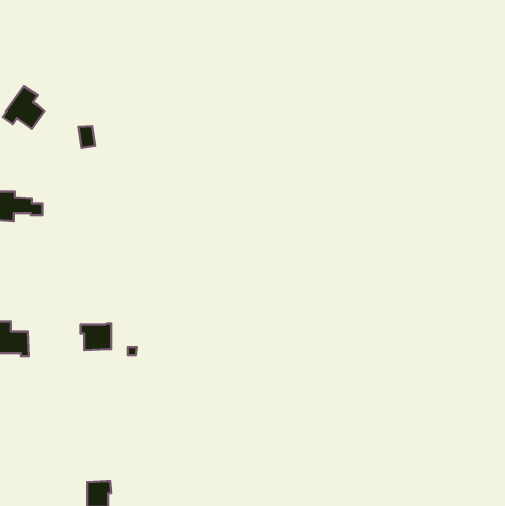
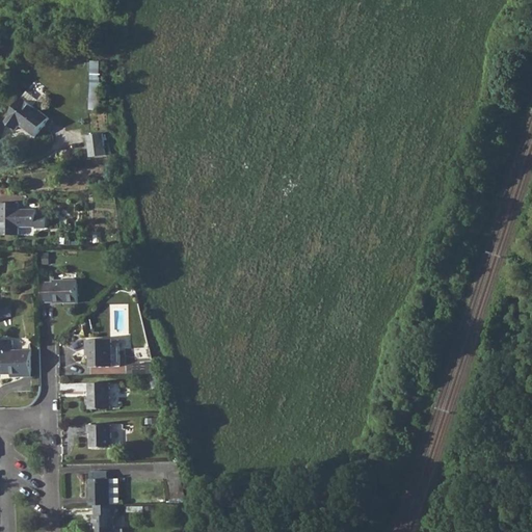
building: none -> [44,281,77,303]
building: none -> [87,382,116,409]
building: none -> [85,425,108,448]
building: none -> [86,472,111,506]

